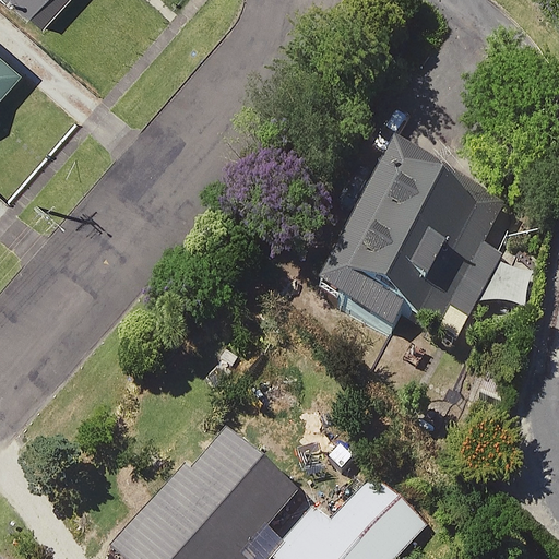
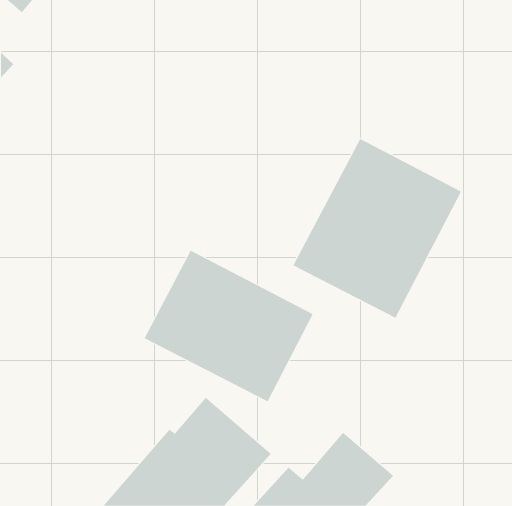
building: none -> [144,250,314,402]

